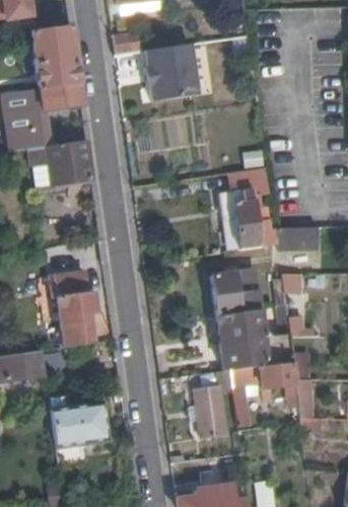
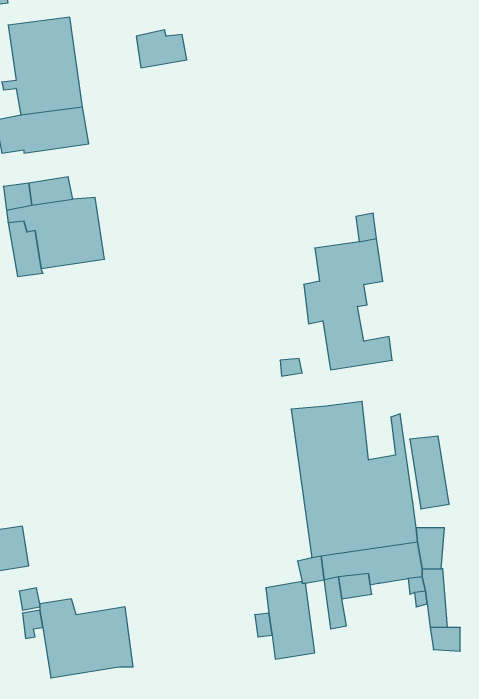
building: [147,45,201,101] -> none
building: [274,226,318,250] -> none
building: [50,273,95,347] -> none

